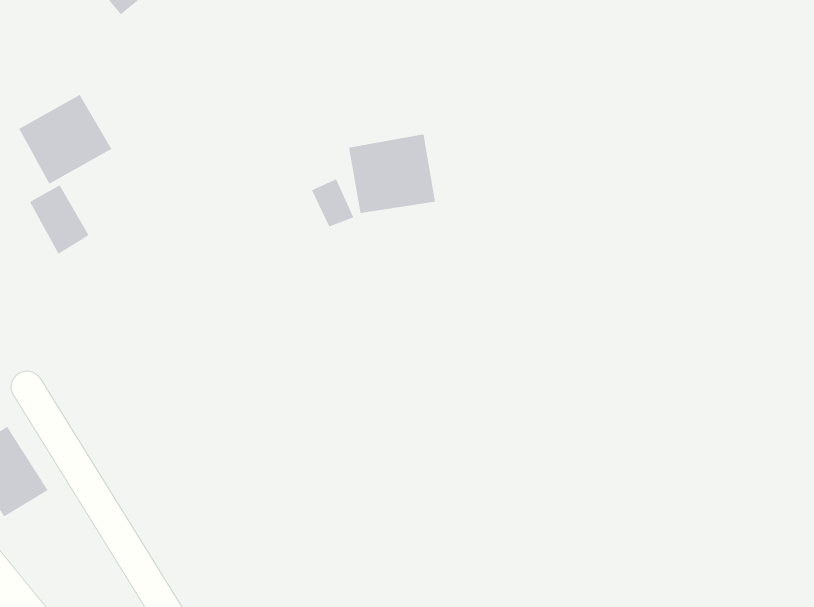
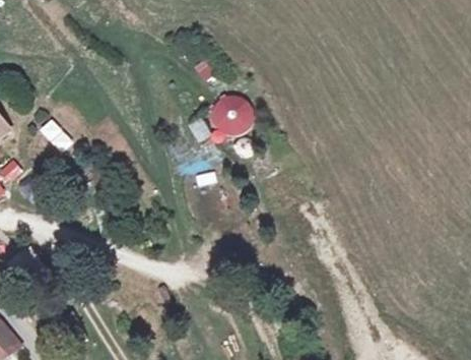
building: [18,94,112,184] -> none

